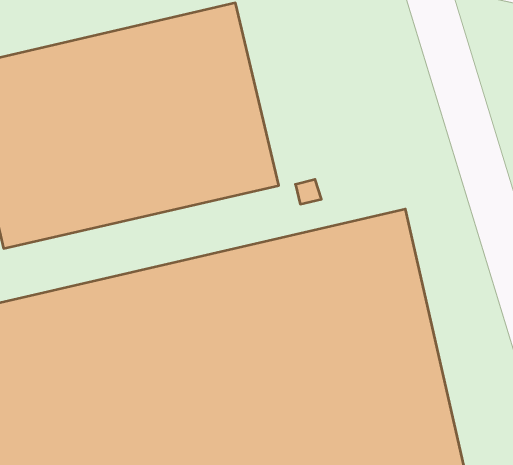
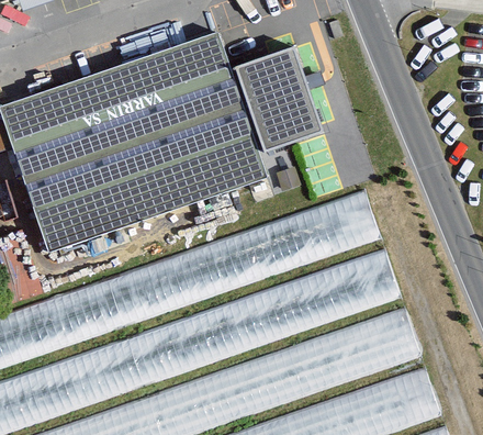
building: none -> [233,51,319,153]

